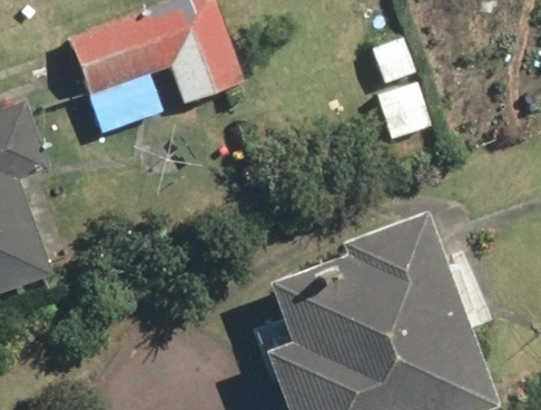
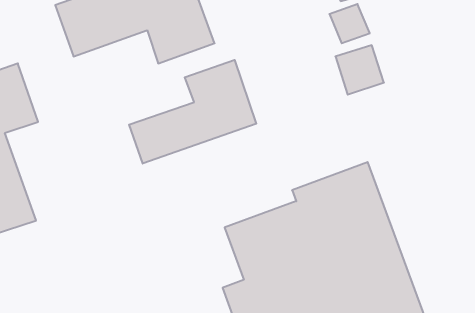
building: none -> [129,60,256,164]

